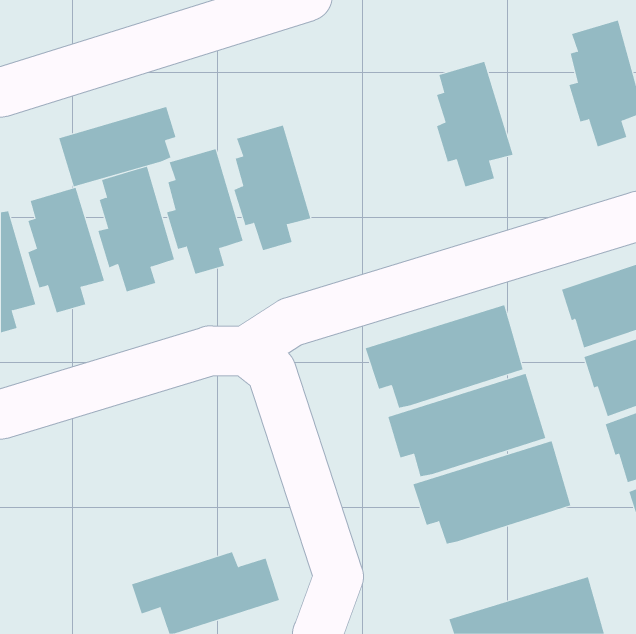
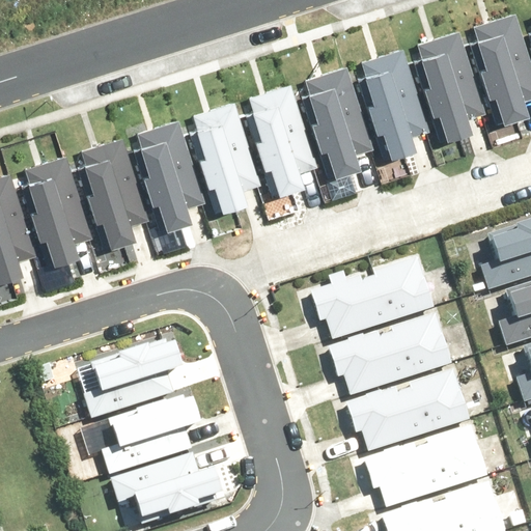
building: none -> [419,35,483,140]
building: none -> [308,67,372,172]
building: none -> [251,87,315,192]
building: [58,106,176,187] -> none
building: none -> [82,331,194,415]
building: none -> [94,394,206,478]
building: none -> [360,422,492,508]

